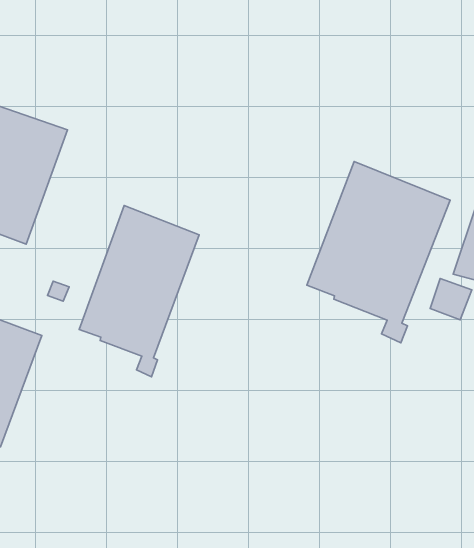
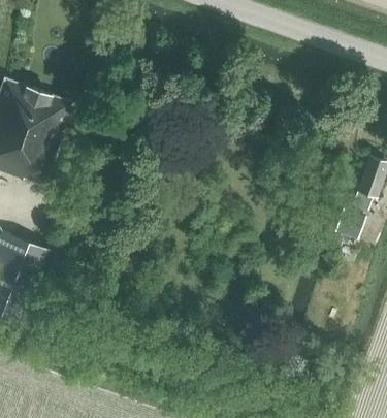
building: [307,161,450,343] -> none
building: [79,206,199,377] -> none

